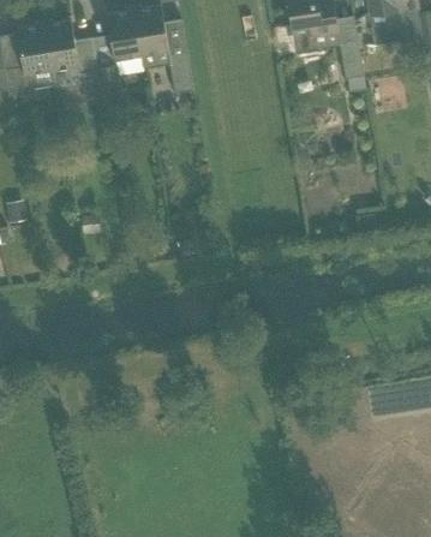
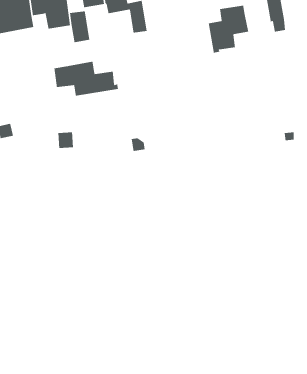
building: none -> [208,5,249,53]
building: none -> [54,61,119,97]

